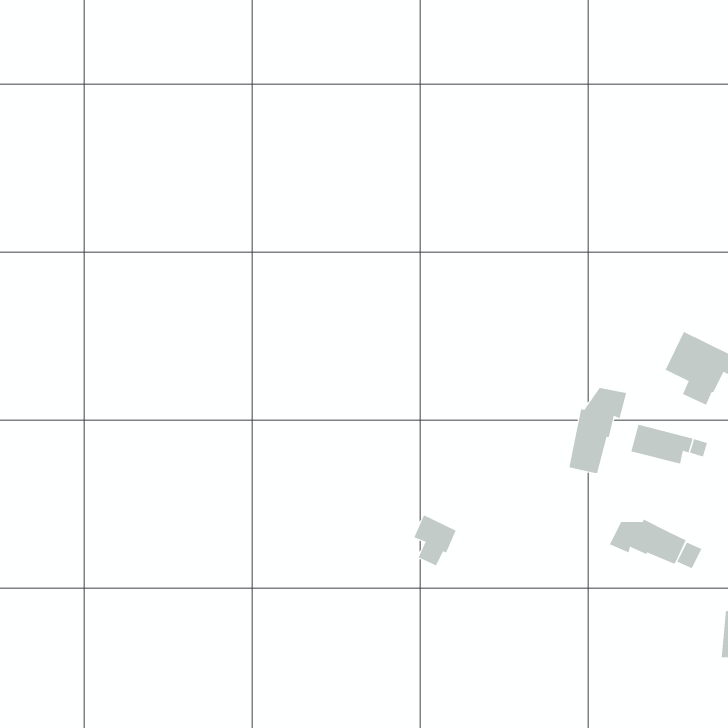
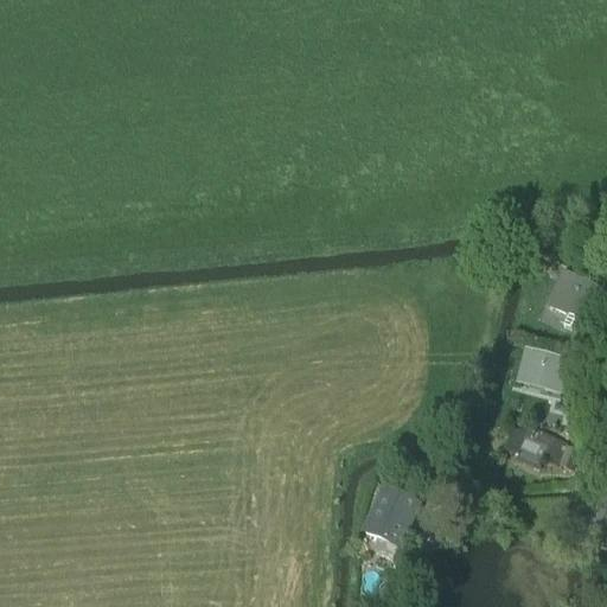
building: [569,387,627,474] -> none
building: [414,515,457,566] -> [370,488,405,531]

